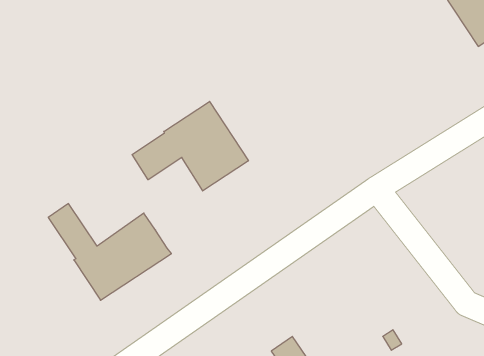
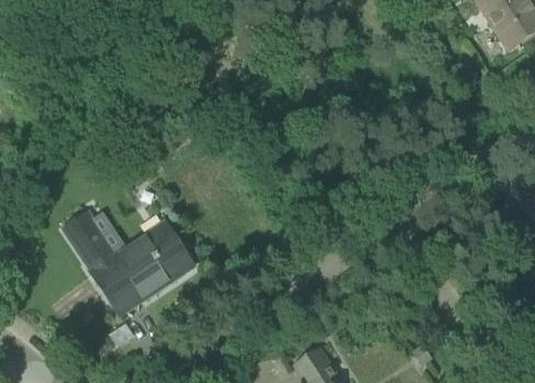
building: [132,101,248,191] -> none

